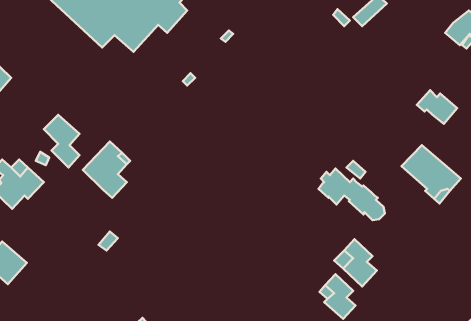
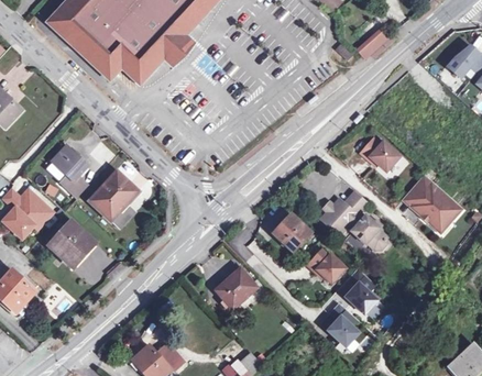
building: [417,90,457,124] -> [360,139,399,172]
building: none -> [273,215,310,252]
building: none -> [48,221,94,266]
building: none -> [307,250,346,284]
building: none -> [216,269,255,309]

